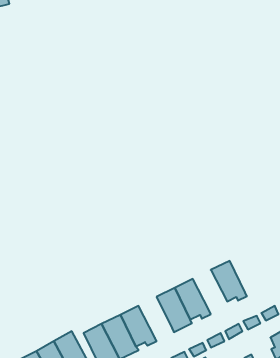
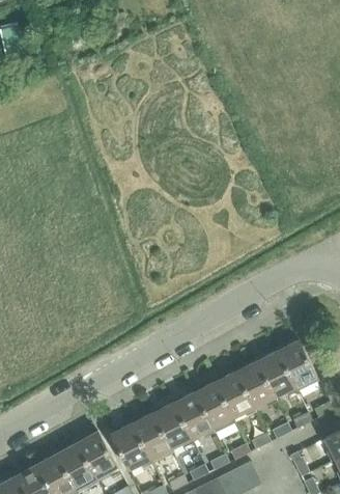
building: none -> [278,339,318,390]
building: none -> [235,360,277,407]
building: none -> [173,391,214,438]

